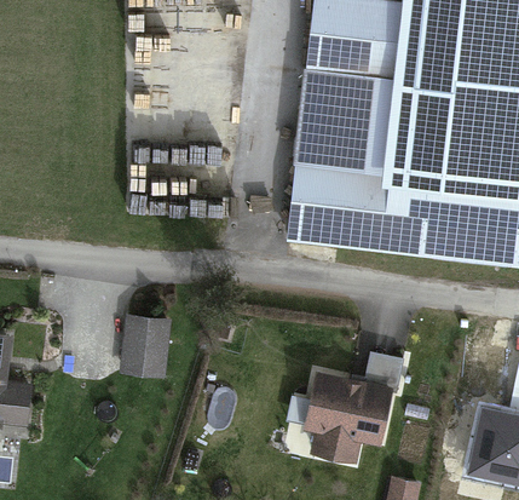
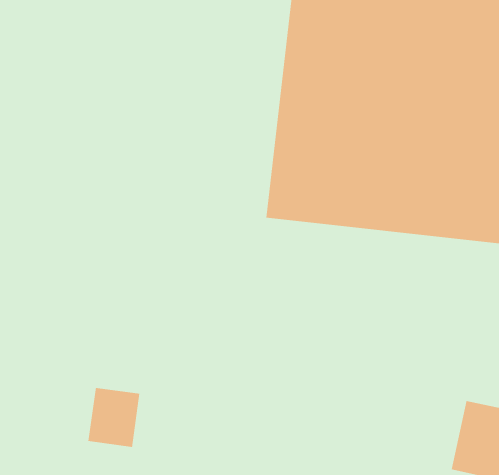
building: [120,318,171,377] -> [88,387,140,447]
building: [308,352,402,461] -> none

